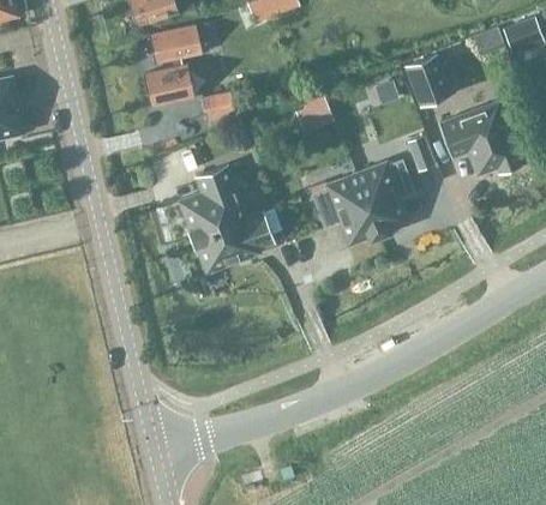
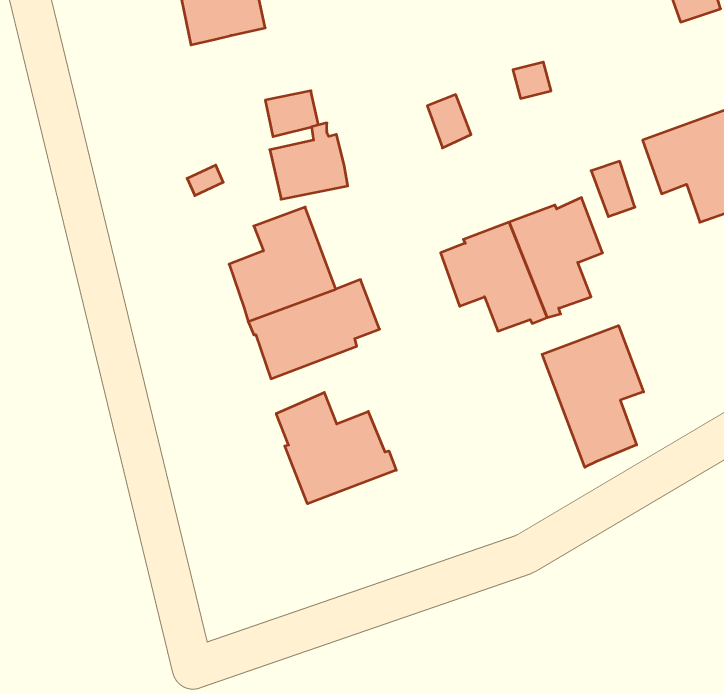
building: [406,55,450,106] -> none
building: [144,58,193,106] -> [270,123,348,199]
building: none -> [542,326,644,467]
building: none -> [276,392,396,504]

